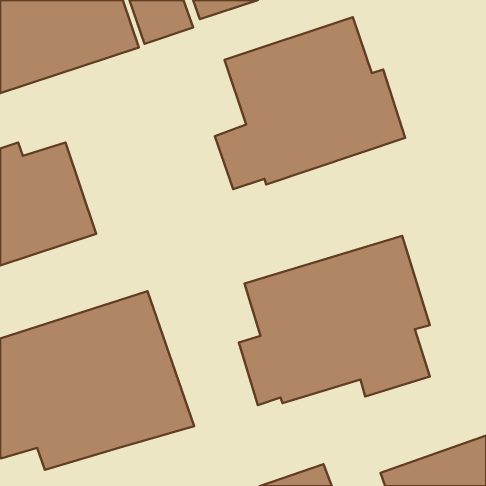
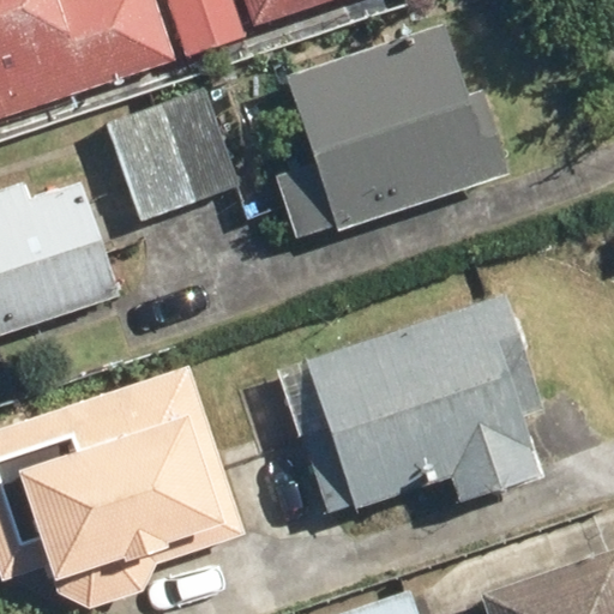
building: none -> [103,89,237,219]

